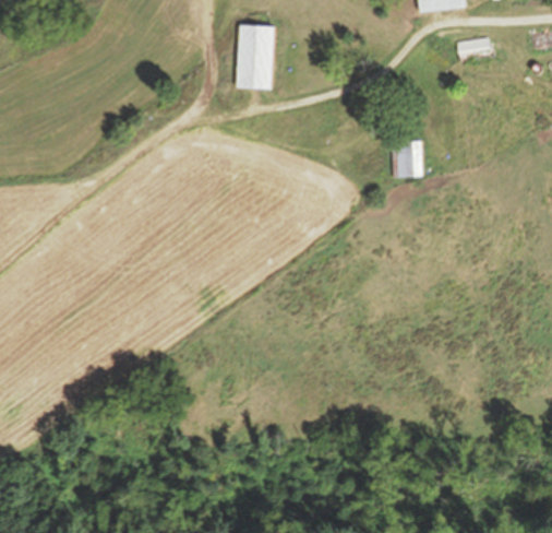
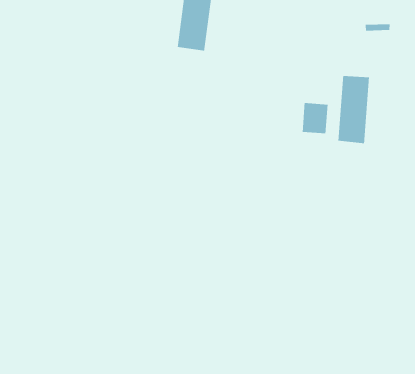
building: none -> [338,75,370,144]

